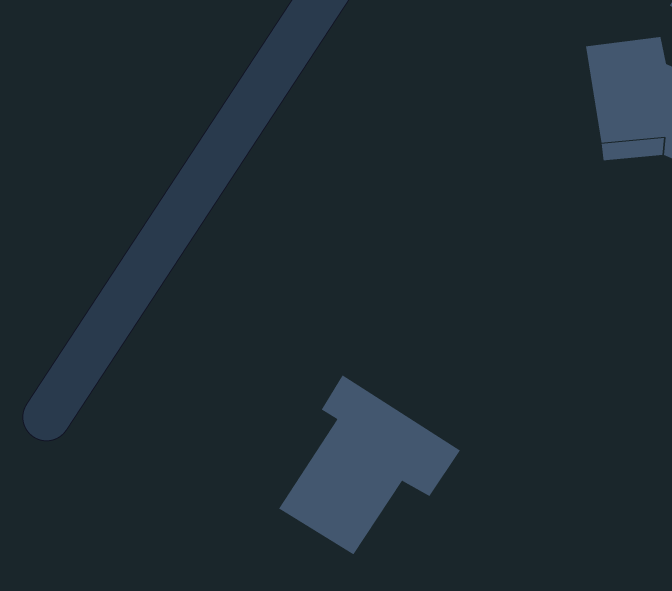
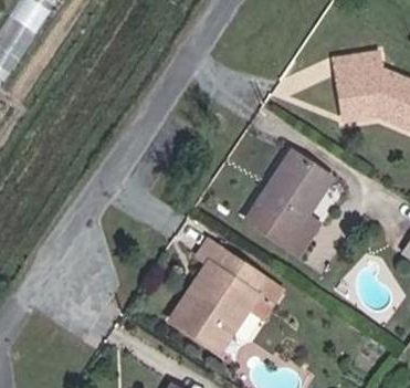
building: none -> [253,151,341,249]

